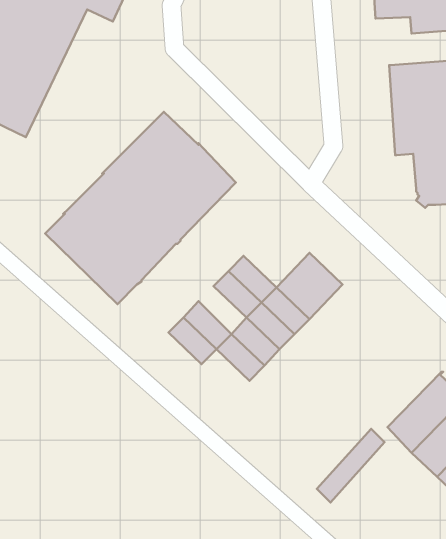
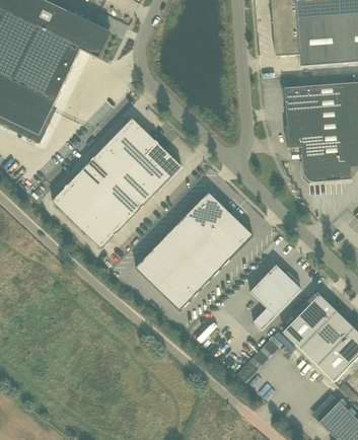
building: none -> [186,192,230,236]
building: none -> [155,235,188,268]
building: none -> [249,264,300,328]
building: none -> [157,278,190,309]

